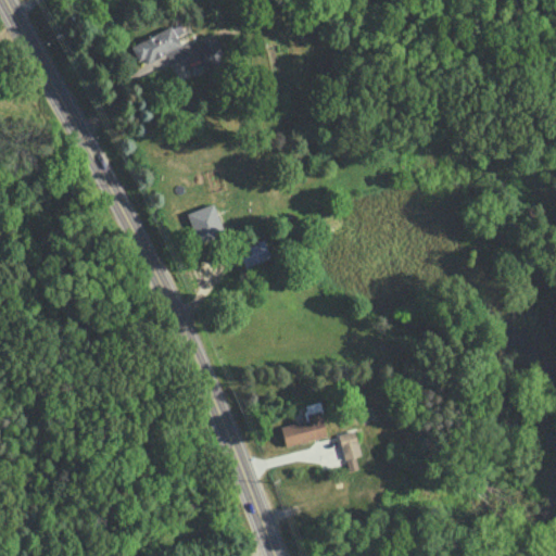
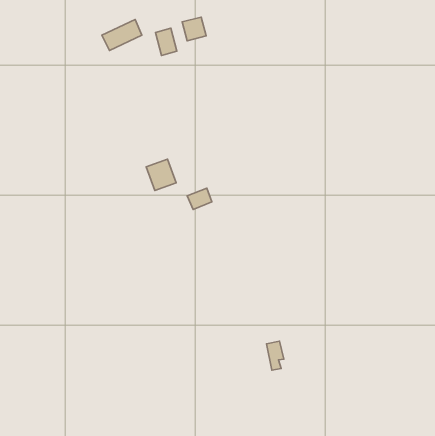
building: none -> [182,17,206,41]
building: [281,412,327,446] -> none

